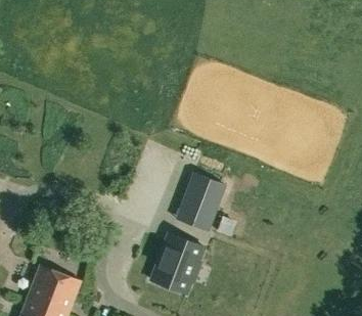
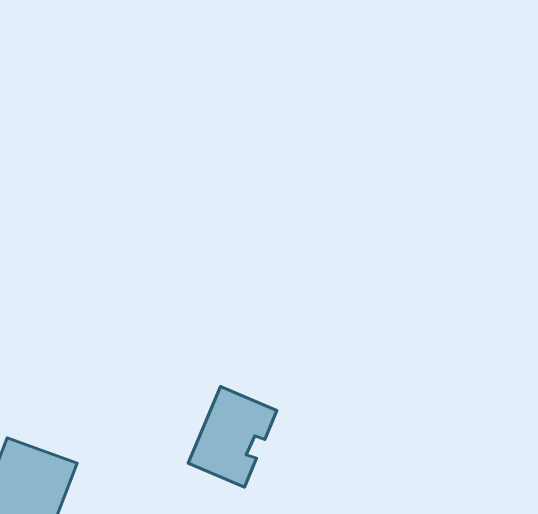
building: [183,172,221,231] -> none

